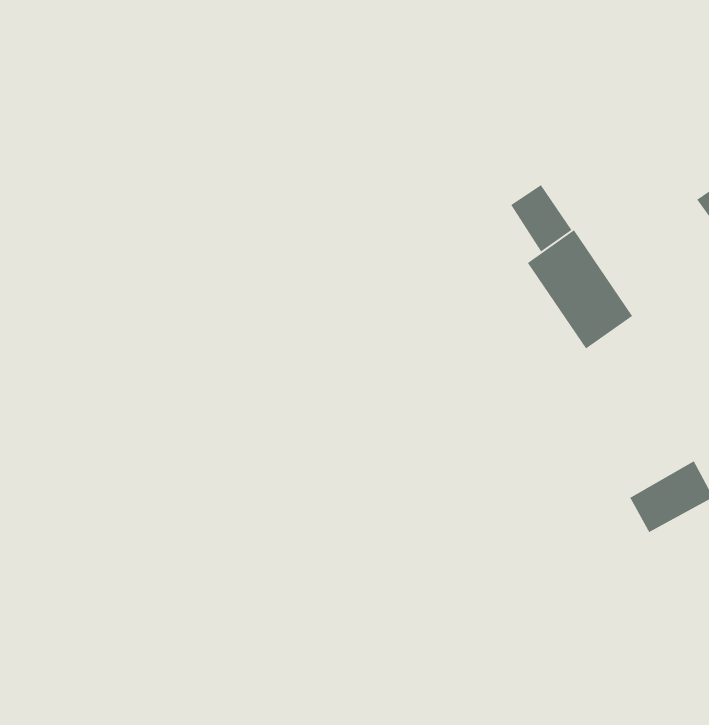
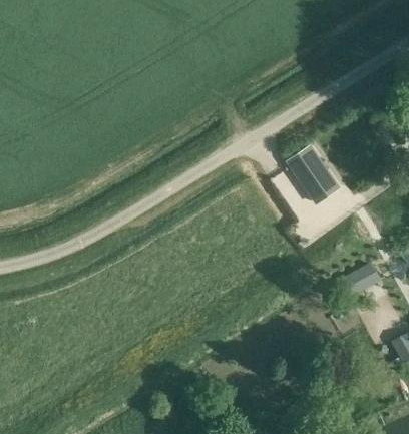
building: [510,184,573,252] -> none

